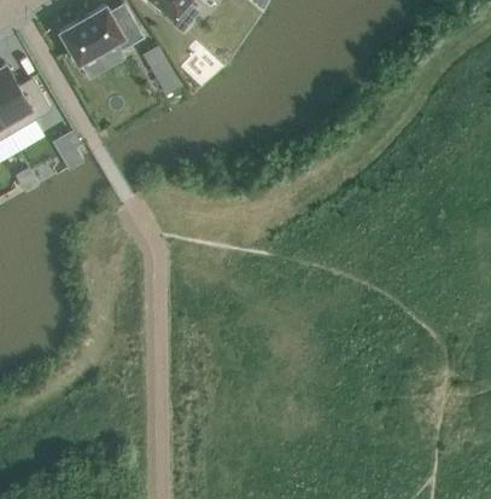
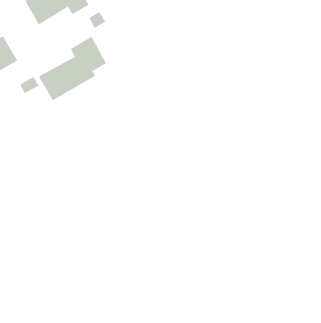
building: none -> [38,36,107,101]

